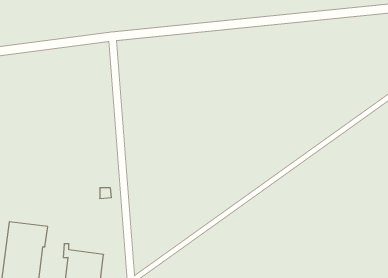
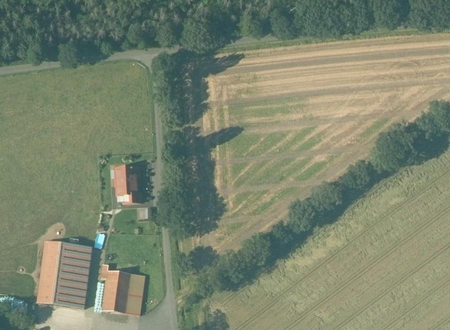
building: none -> [115,166,142,203]

